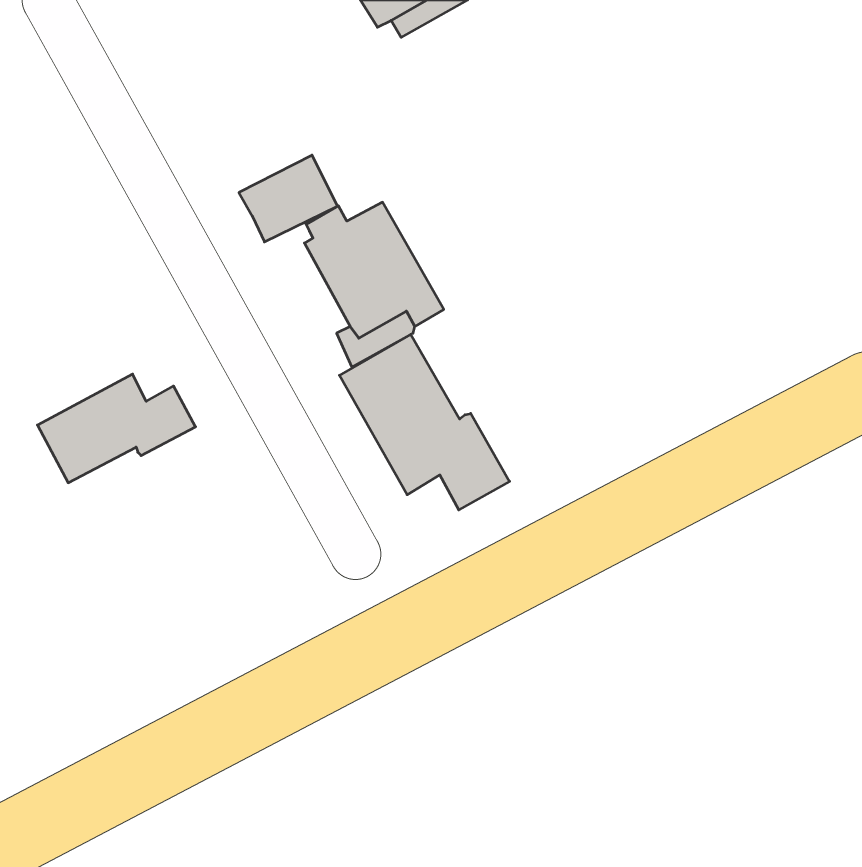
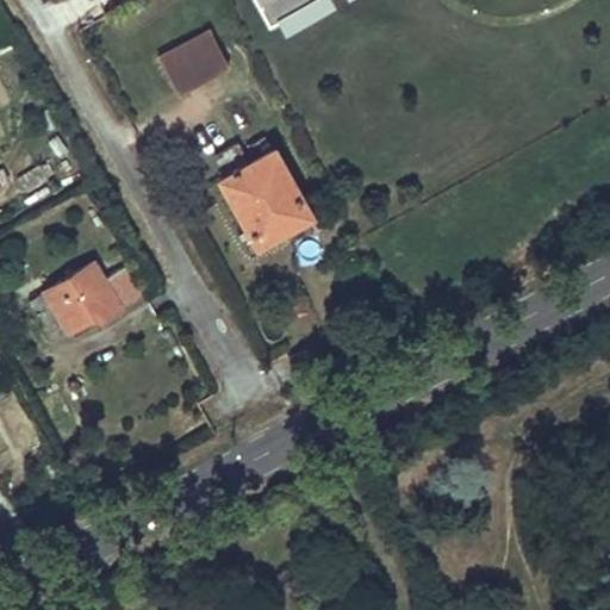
building: [239,155,338,242] -> [161,33,230,94]
building: [339,334,510,510] -> none

